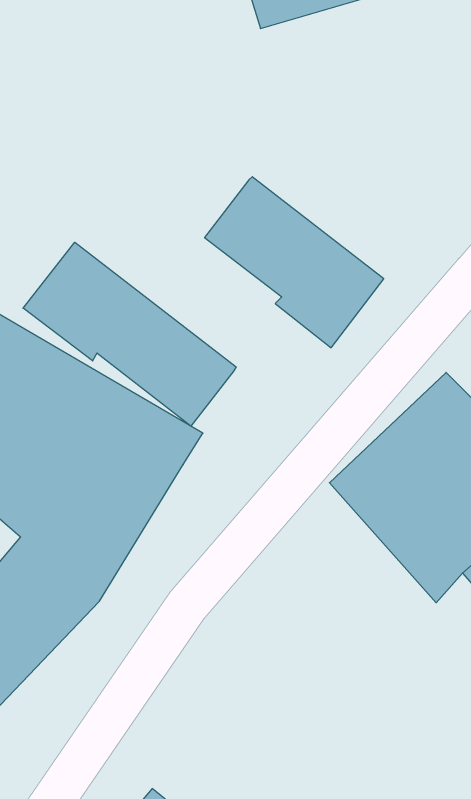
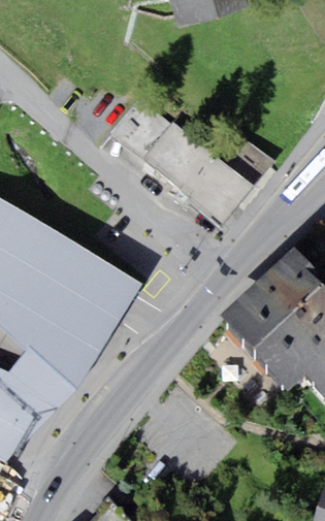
building: none -> [111,101,170,161]
building: [23,242,236,426] -> none

